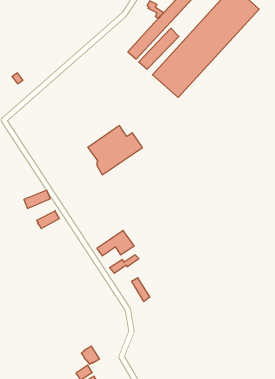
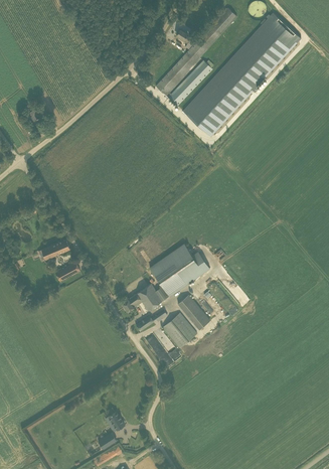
building: [88,126,142,175] -> [149,244,209,298]
building: none -> [177,294,210,329]
building: none -> [162,312,196,347]

